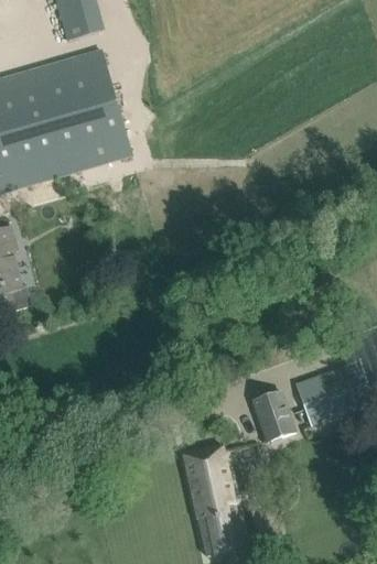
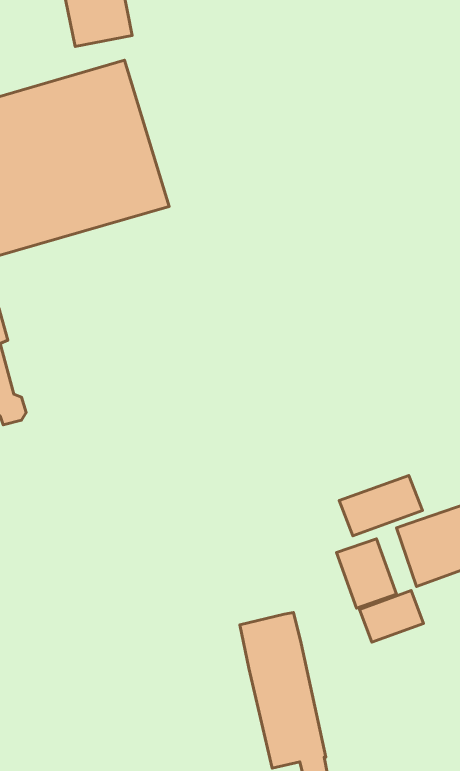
building: none -> [339,475,422,536]
building: none -> [359,591,424,642]

